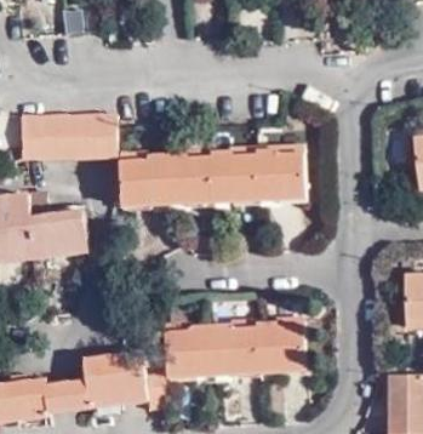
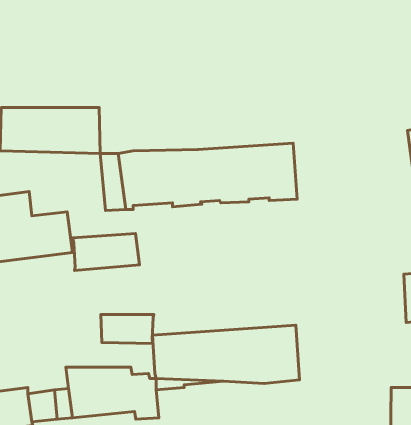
building: none -> [73,233,140,271]
building: none -> [101,314,154,344]

